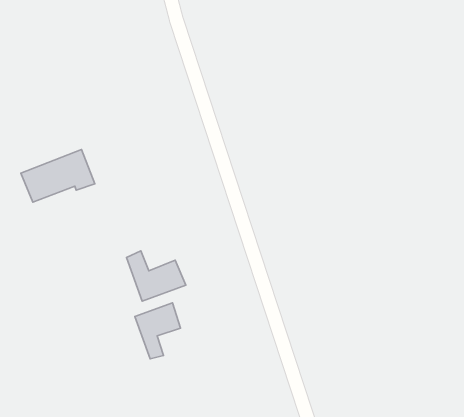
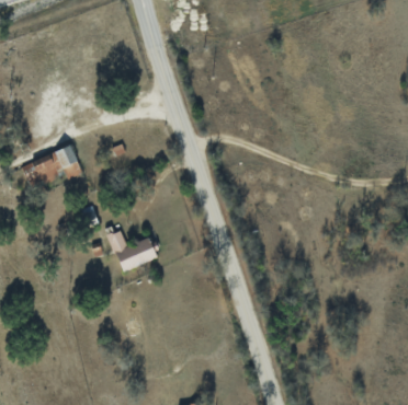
building: [135,303,180,359] -> none

